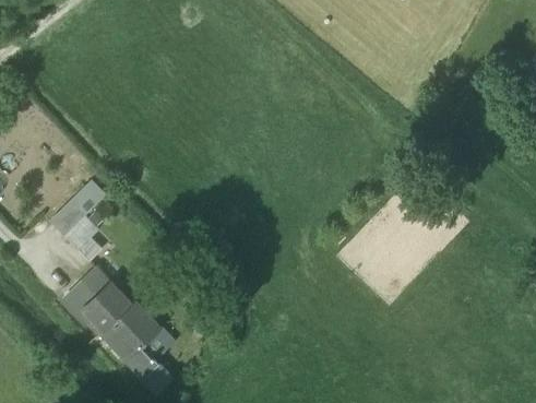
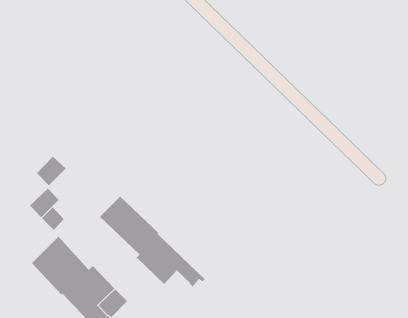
building: [50,199,86,235] -> none
building: none -> [99,196,205,288]

